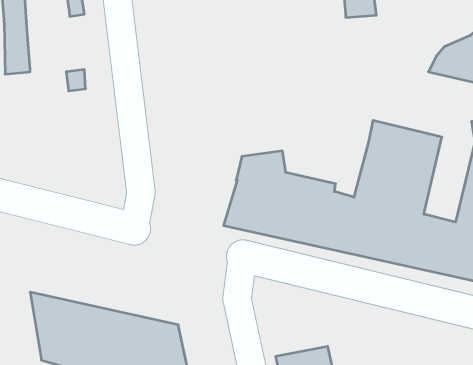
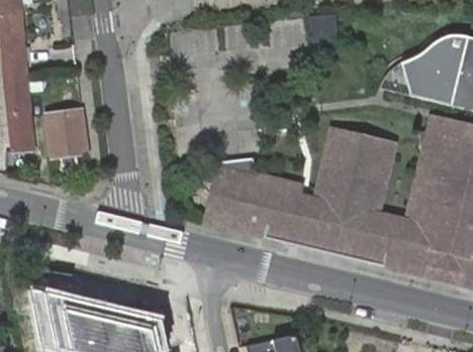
building: none -> [5,87,33,150]
building: none -> [48,111,87,156]

